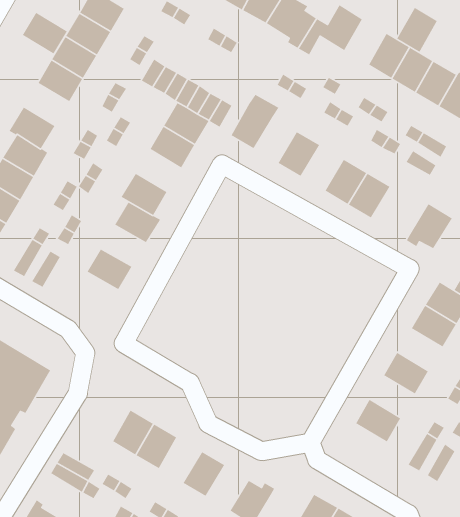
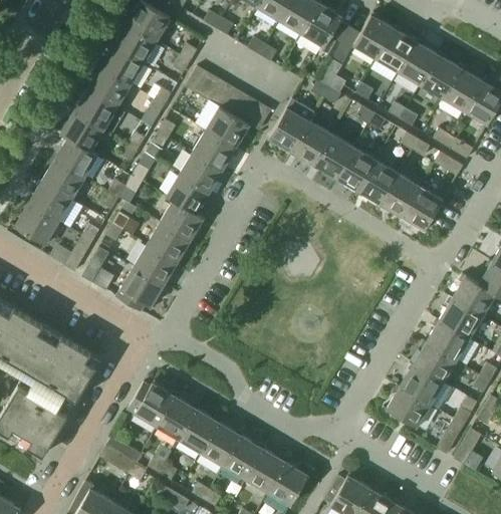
building: [396,7,438,53] -> [377,29,416,72]
building: [22,12,68,54] -> [74,89,117,130]
building: none -> [291,121,331,165]
building: none -> [335,148,375,191]
building: none -> [180,152,223,192]
building: [406,203,453,249] -> [399,187,443,230]
building: none -> [147,223,190,262]
building: none -> [120,267,164,307]
building: none -> [426,320,469,360]
building: none -> [400,364,443,405]
building: none -> [135,383,175,427]
building: none -> [202,423,242,466]
building: none -> [246,449,286,492]

